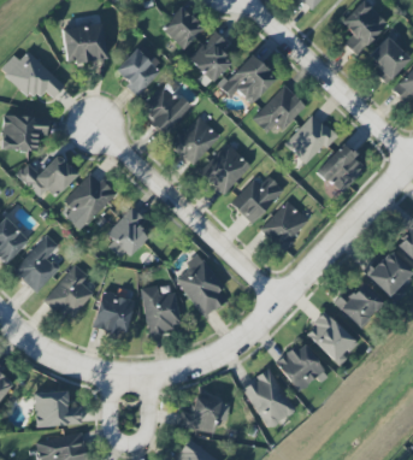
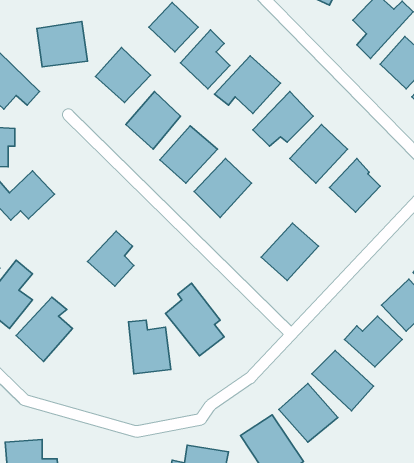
building: [63,171,117,230] -> none
building: [232,176,285,223] -> none
building: [94,291,135,334] -> none

